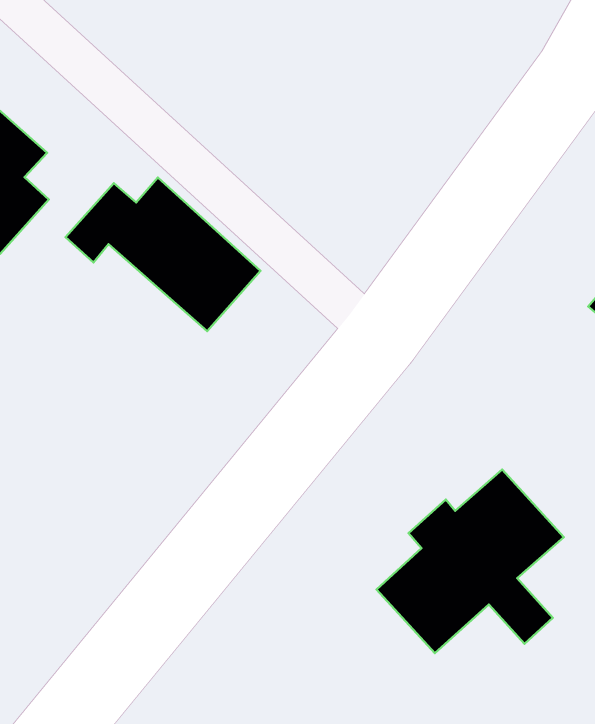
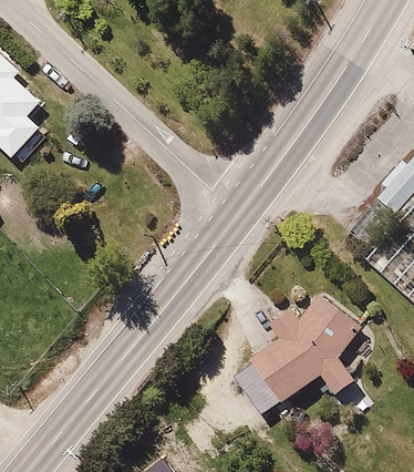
building: [65,178,261,331] -> none

